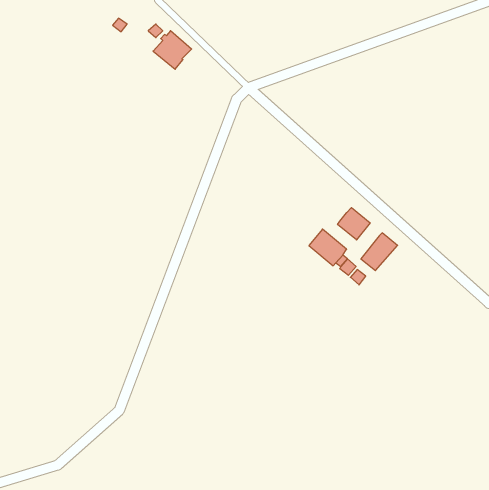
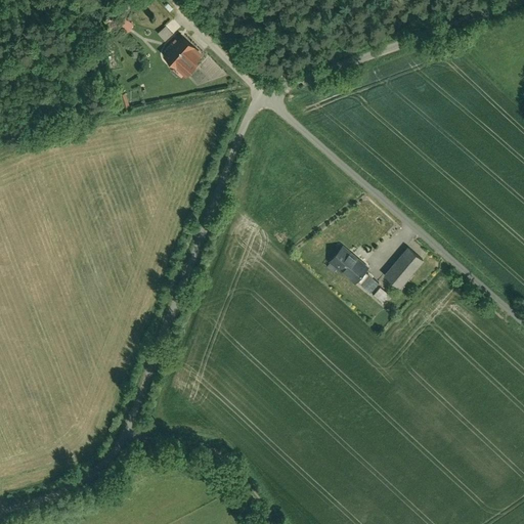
building: [338,208,370,240] -> none

